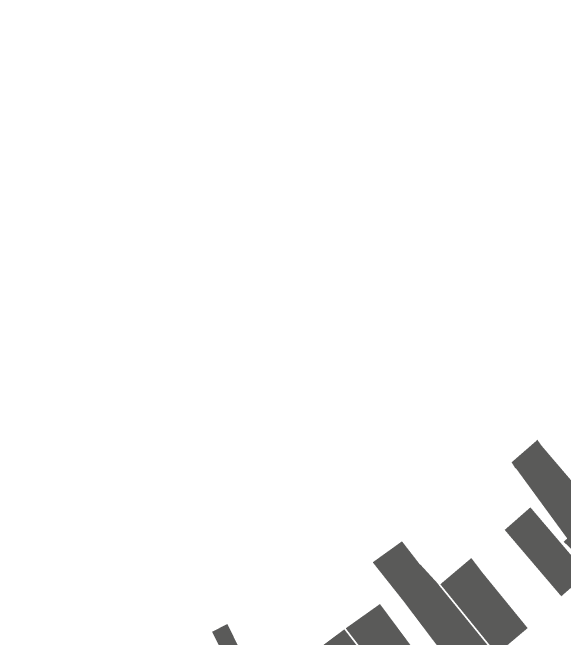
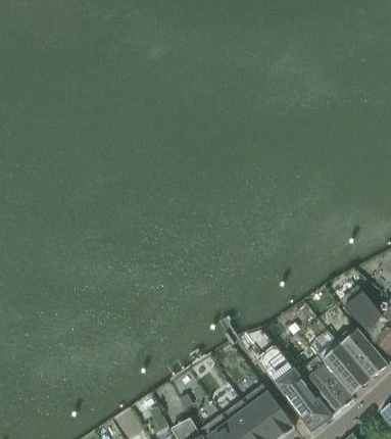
building: none -> [319,341,372,397]

